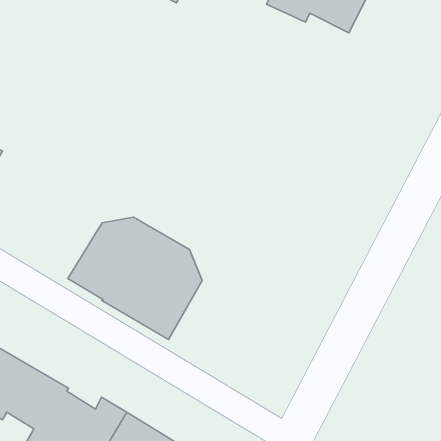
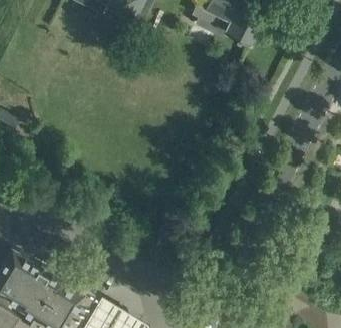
building: [68,217,202,340] -> none

